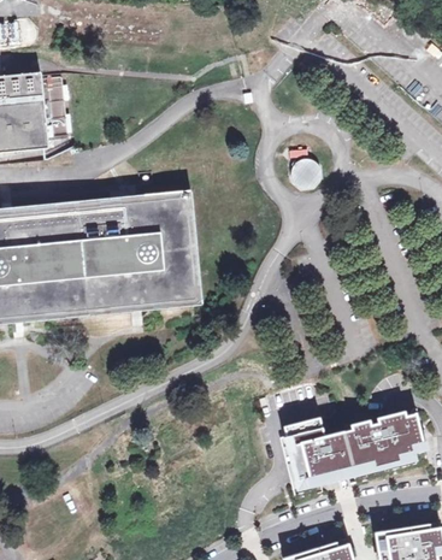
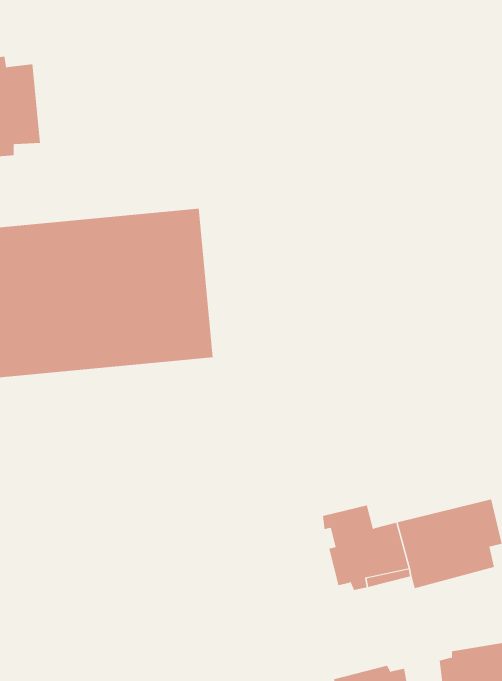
building: [289,152,317,190] -> none

